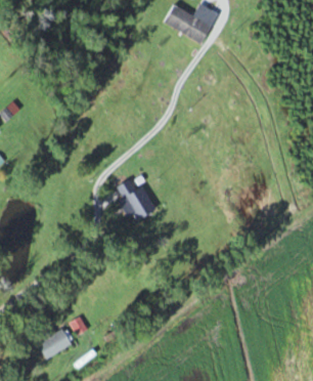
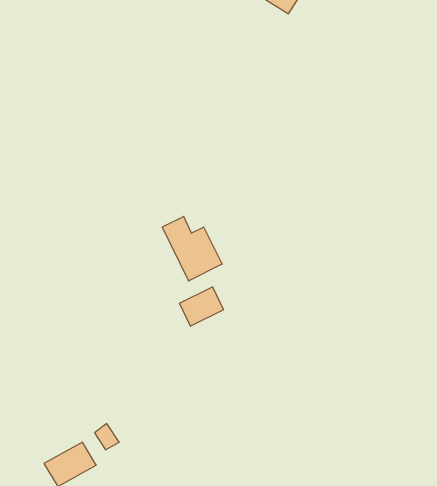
building: none -> [180,287,223,326]

